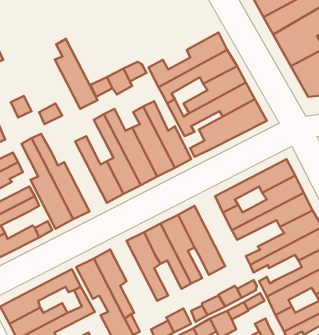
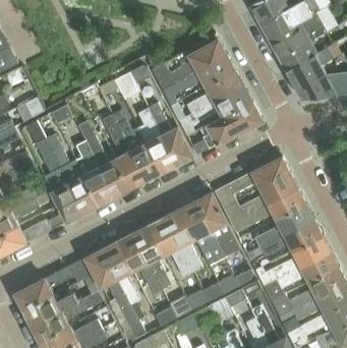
building: [55,39,98,109] -> [74,140,114,206]
building: none -> [195,192,240,256]
building: none -> [117,233,161,294]

